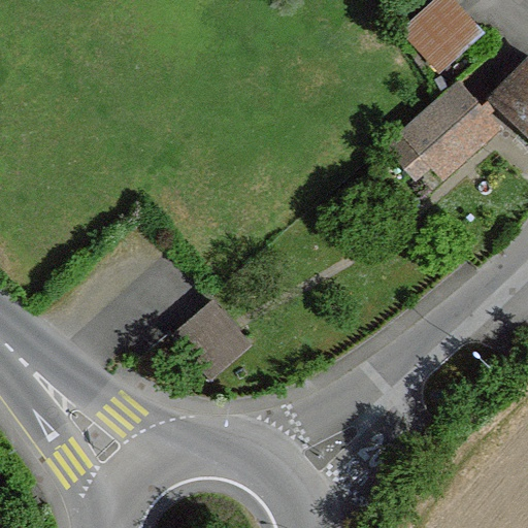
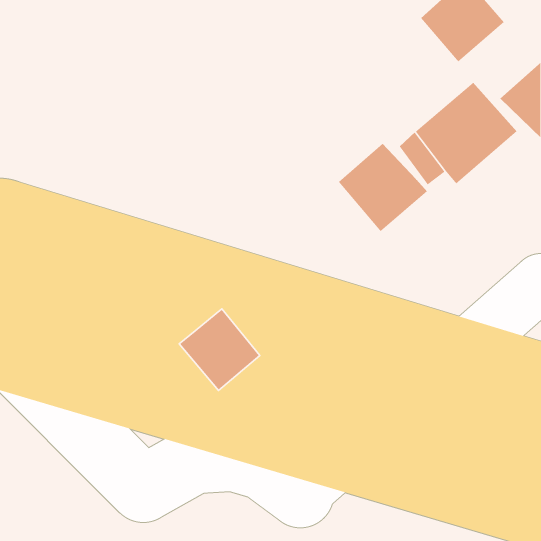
building: none -> [338,143,428,232]

